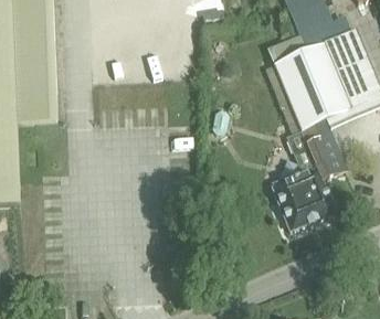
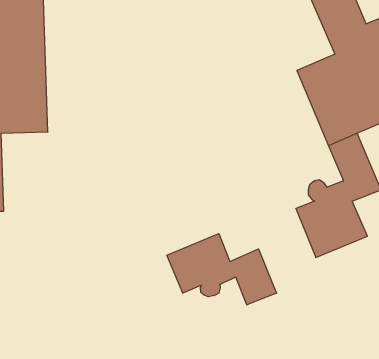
building: none -> [167,234,277,305]

